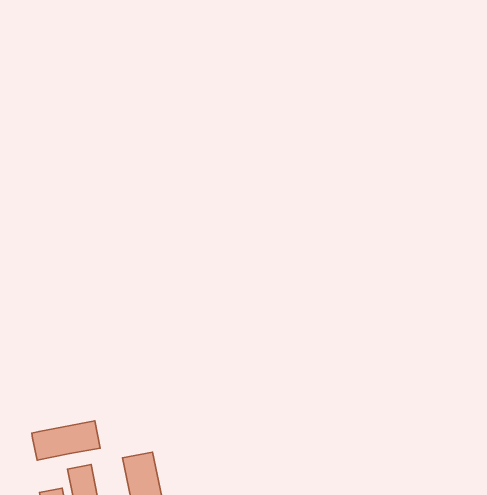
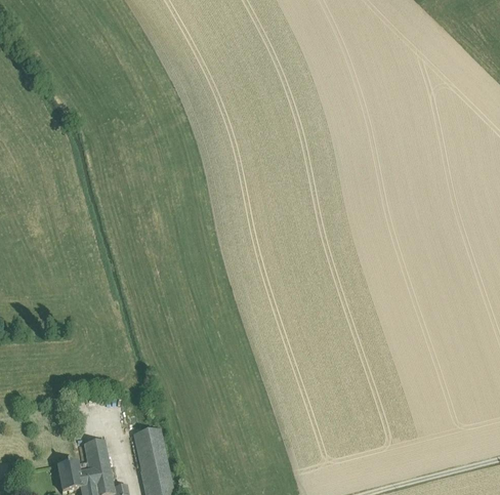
building: [32,421,100,460] -> none

